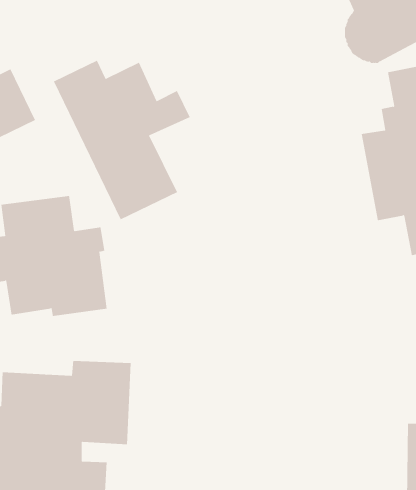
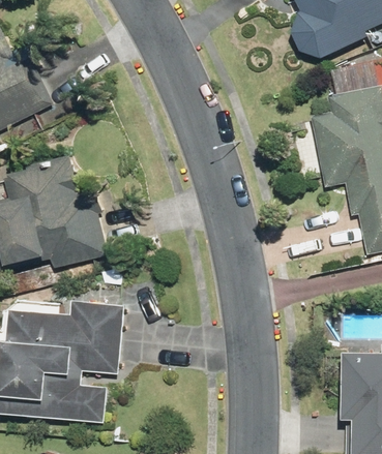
building: [53,60,191,220] -> none

